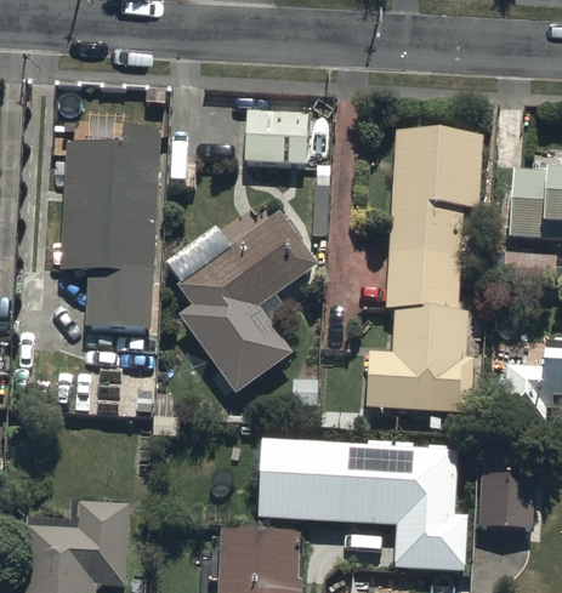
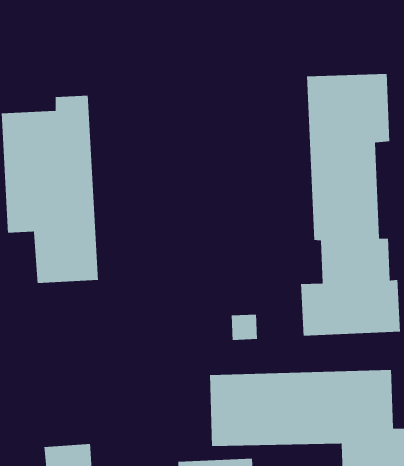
building: [243,113,308,164] -> none
building: [176,209,319,392] -> none

